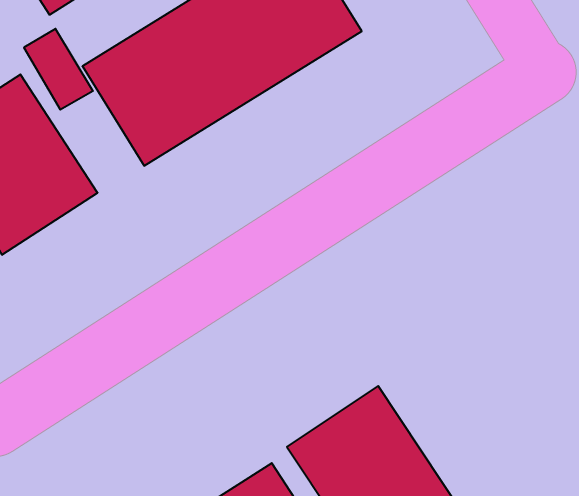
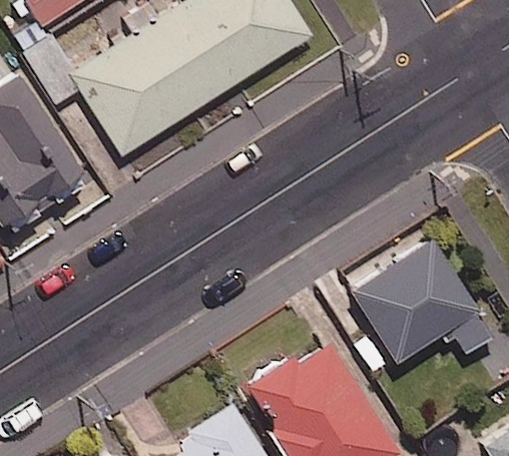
building: none -> [354,241,493,362]

